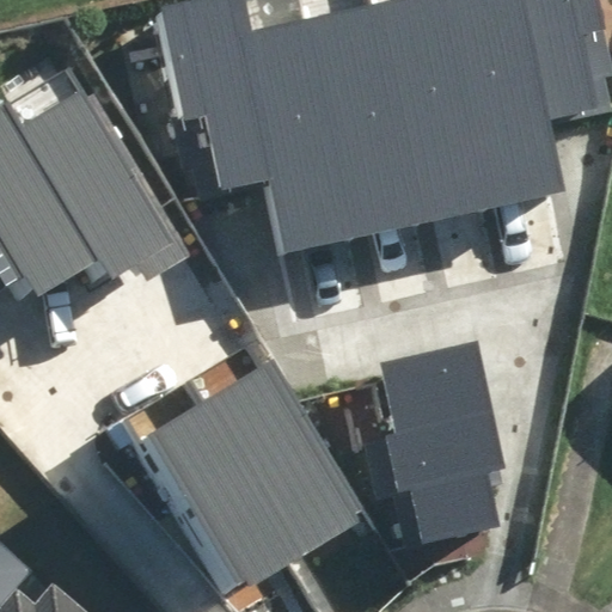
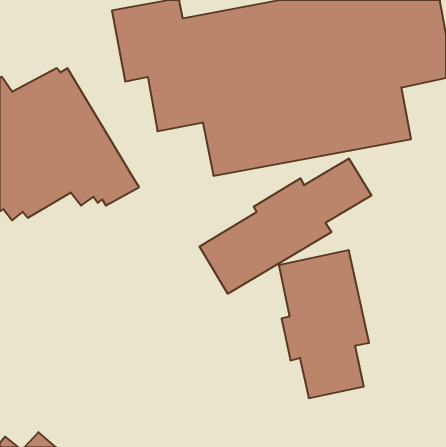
building: none -> [200,158,371,294]
building: [133,362,366,596] -> none

